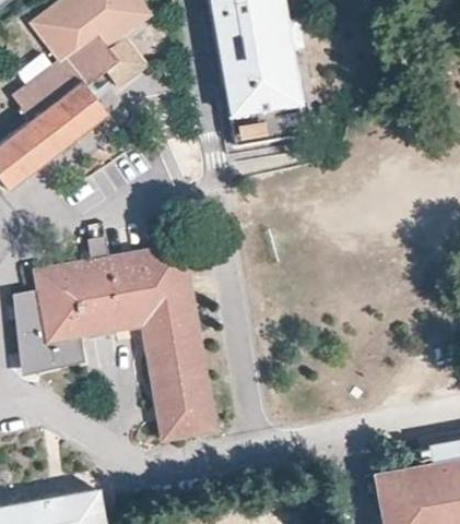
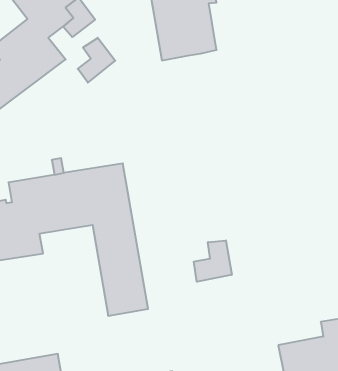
building: none -> [78,38,115,83]
building: none -> [194,240,232,282]

